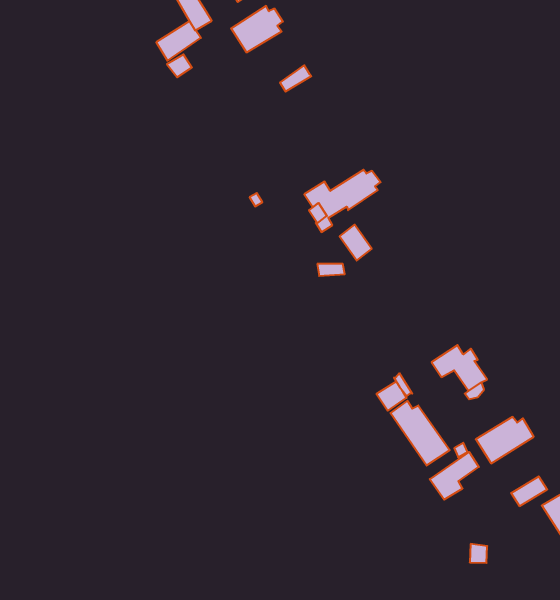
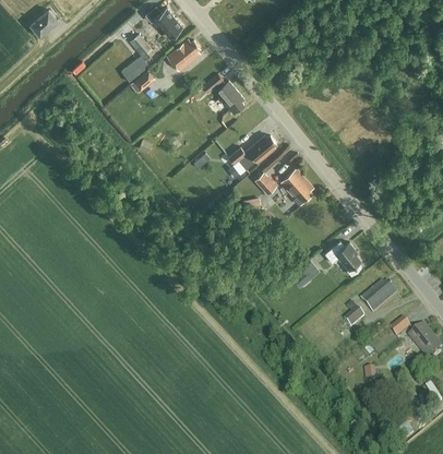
building: none -> [216,80,244,112]
building: none -> [280,167,314,204]
building: [390,401,450,466] -> none

